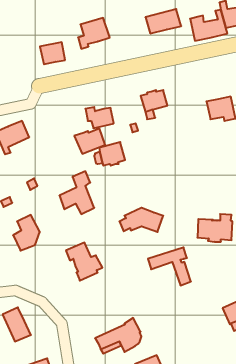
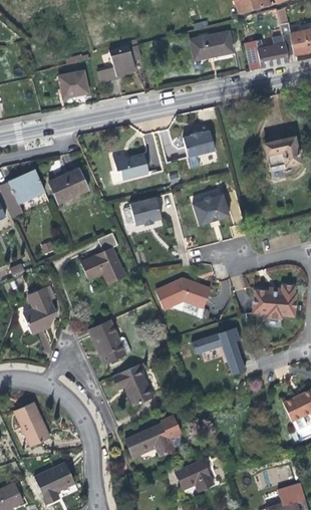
building: [74,129,105,154] -> [48,171,86,202]
building: none -> [193,193,230,224]
building: none -> [114,364,156,405]

